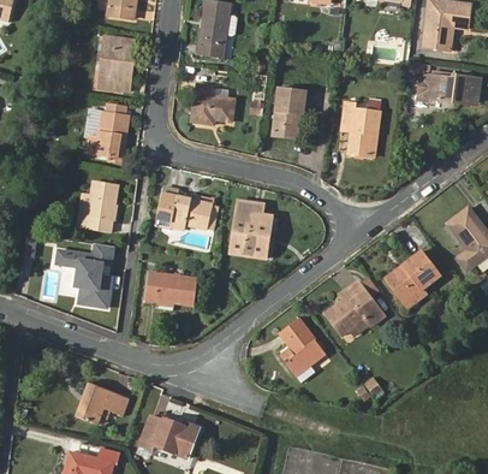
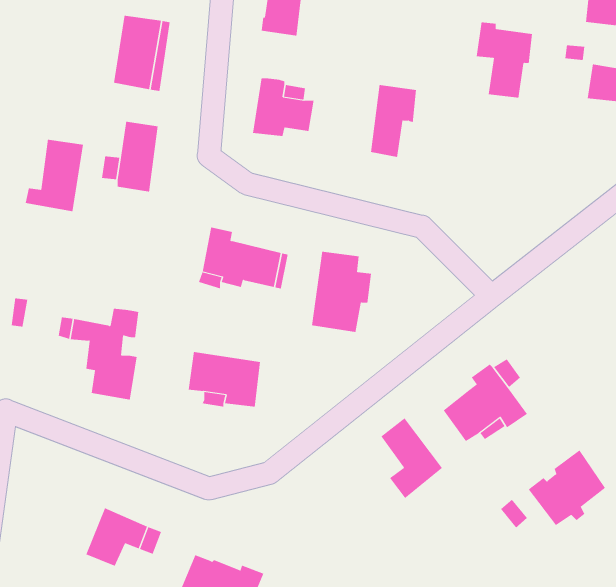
building: [341,102,381,155] -> [476,22,533,98]
building: [76,182,117,232] -> [25,139,84,212]
building: [383,251,438,304] -> [528,450,606,526]

